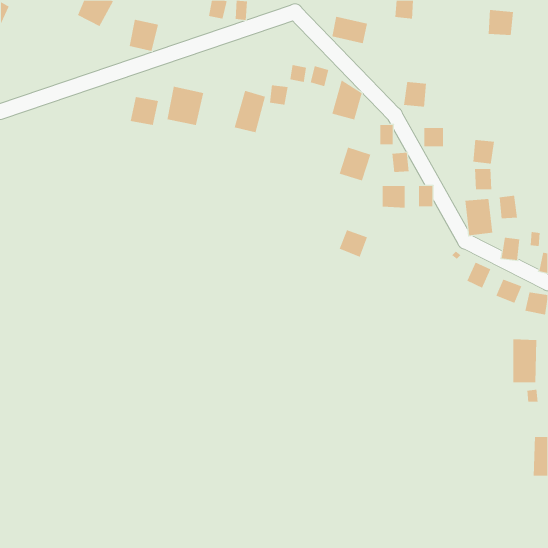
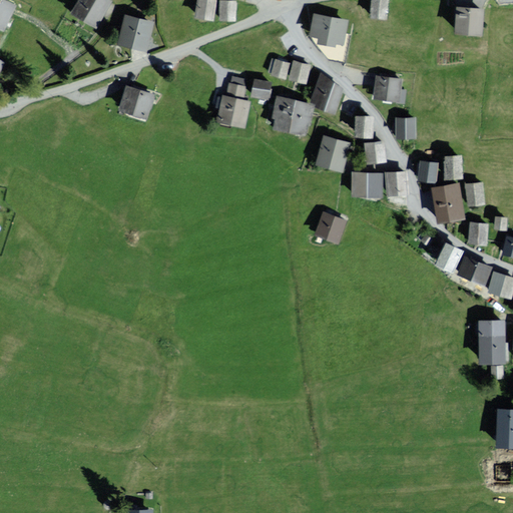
building: [167,86,204,126] -> none
building: none -> [273,97,309,132]
building: [472,139,495,164] -> [418,161,439,184]

